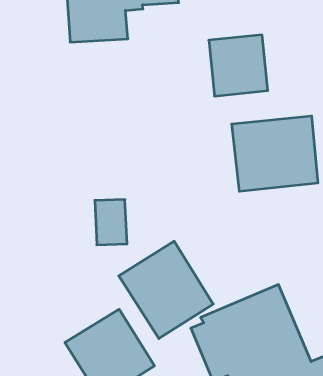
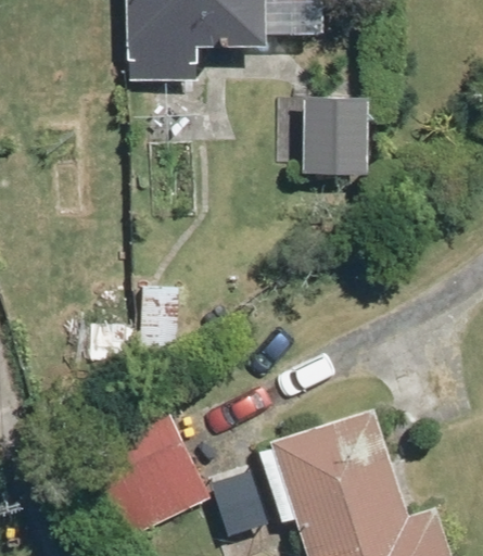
building: [232,116,318,191] -> none
building: [119,241,213,339] -> none

